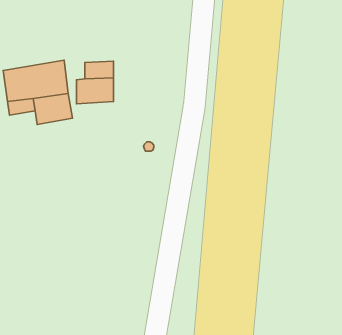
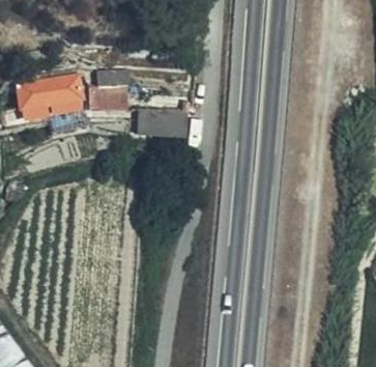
building: none -> [139,109,186,137]

